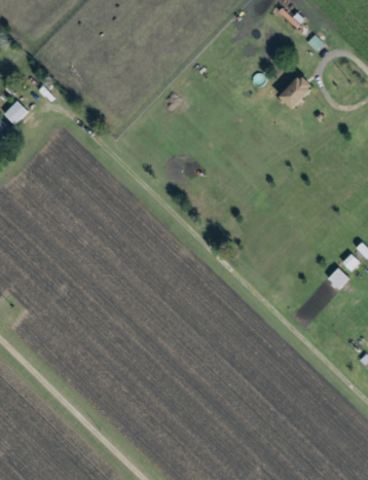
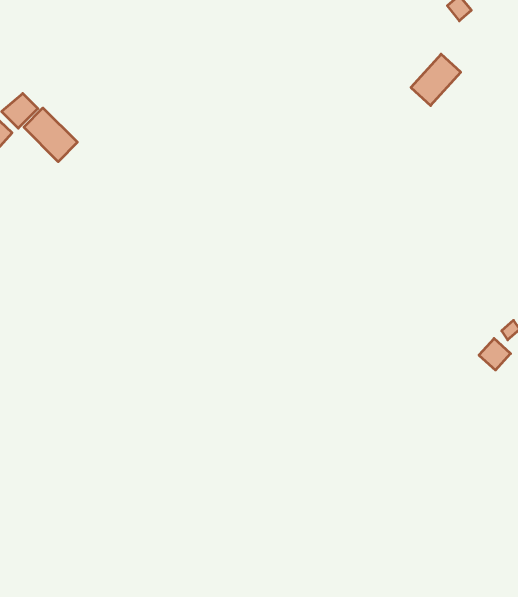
building: none -> [24,108,77,162]

